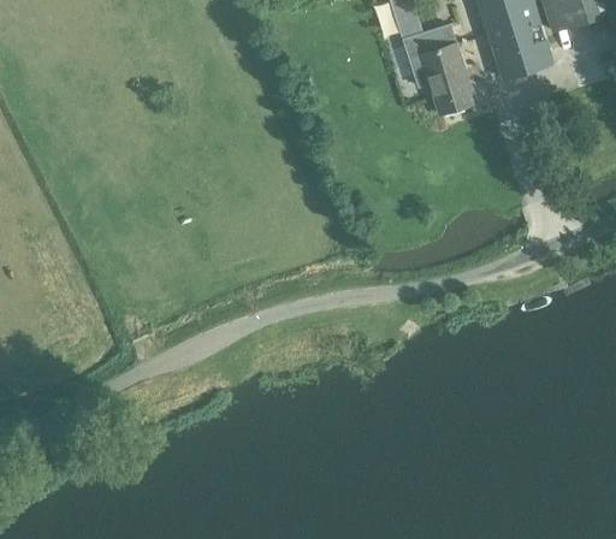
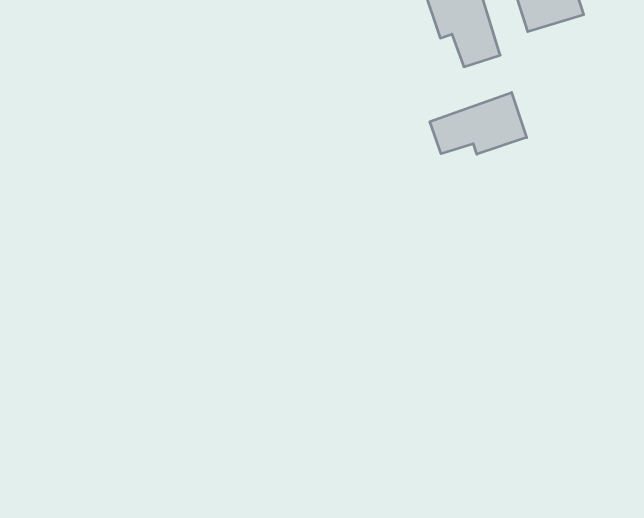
building: none -> [430,92,527,154]

